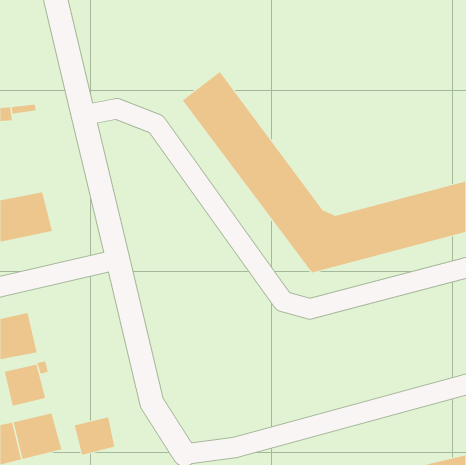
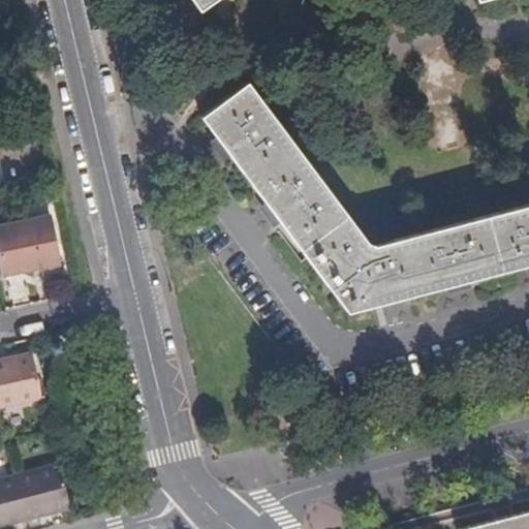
building: [4,364,46,407] -> none
building: [74,417,115,456] -> none

